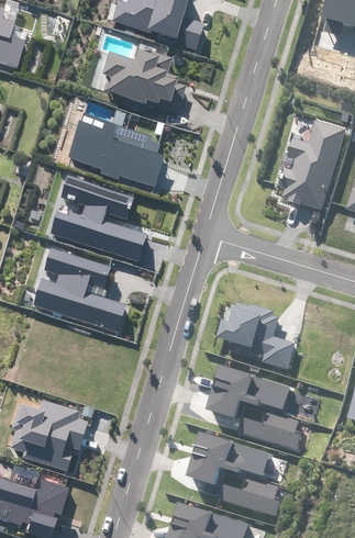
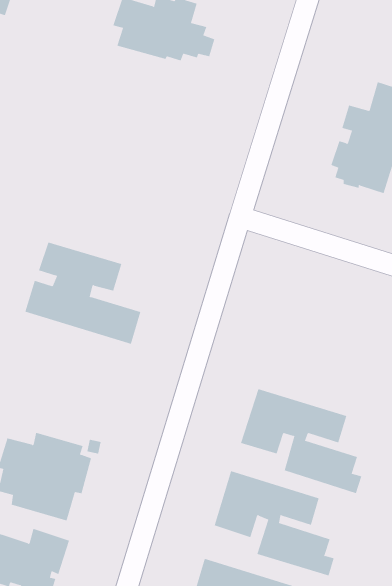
building: [66,111,165,187] -> none
building: [51,176,148,261] -> none
building: [215,302,295,369] -> none

